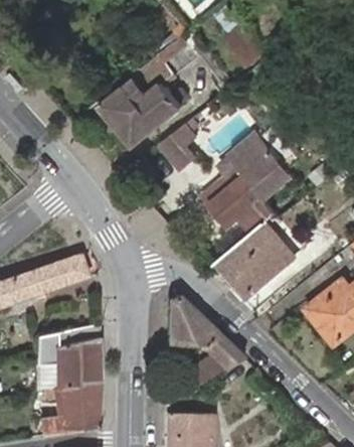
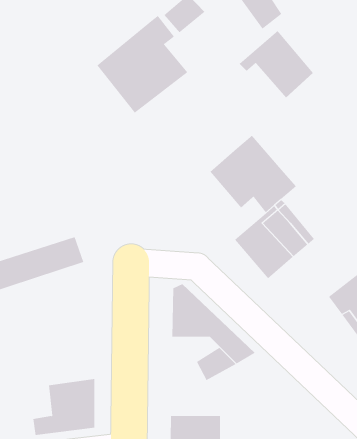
building: [160,127,194,170] -> none
building: [224,133,292,194] -> [239,30,314,98]
building: [37,323,99,392] -> none

